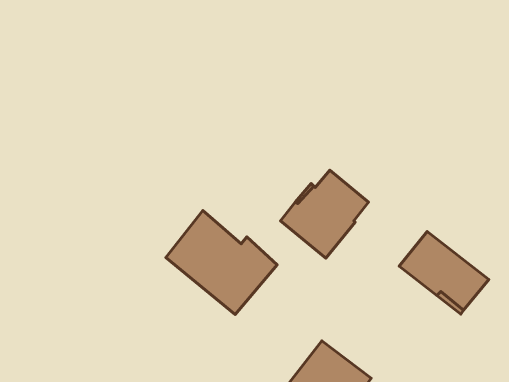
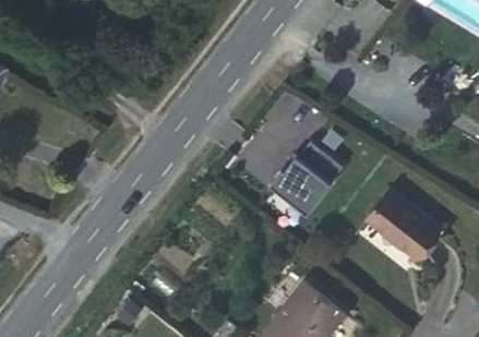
building: [166,211,277,315] -> none

